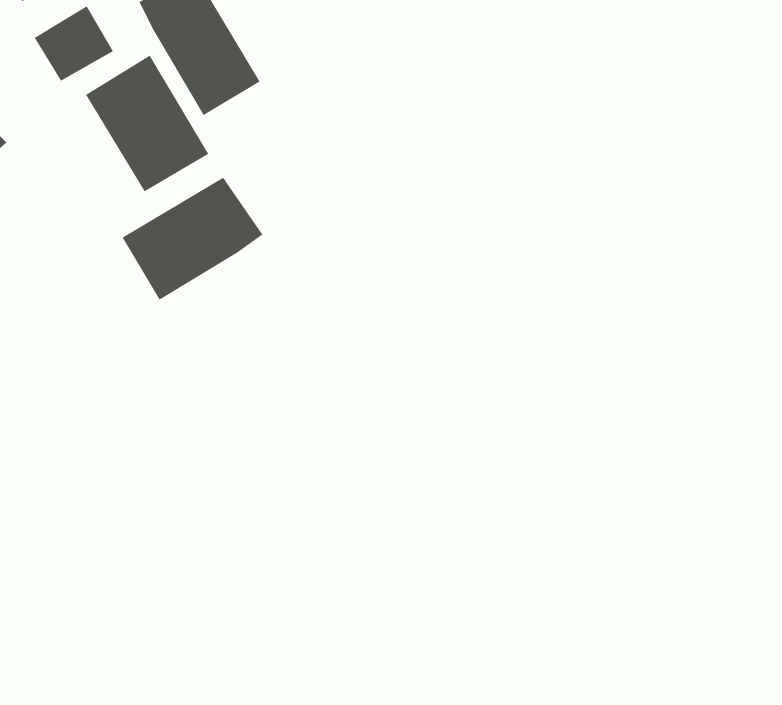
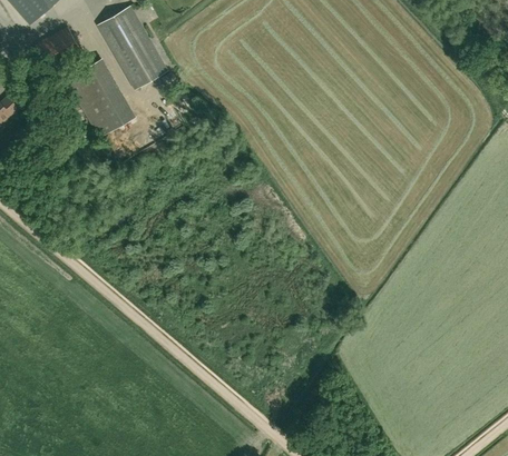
building: [122,177,263,300] -> none

